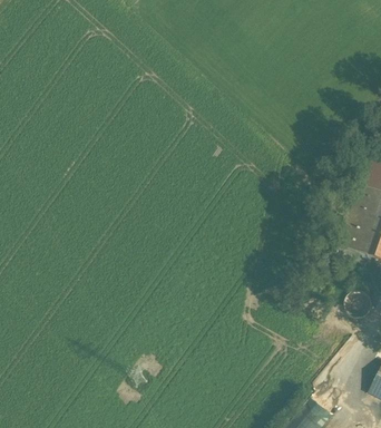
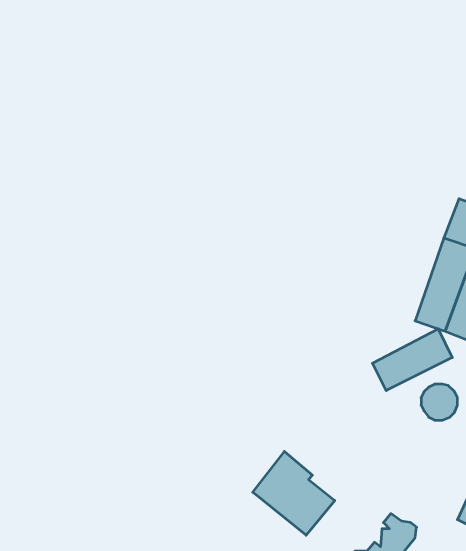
building: none -> [372,329,452,391]
building: none -> [253,451,335,535]

